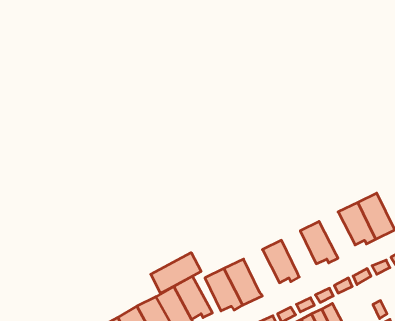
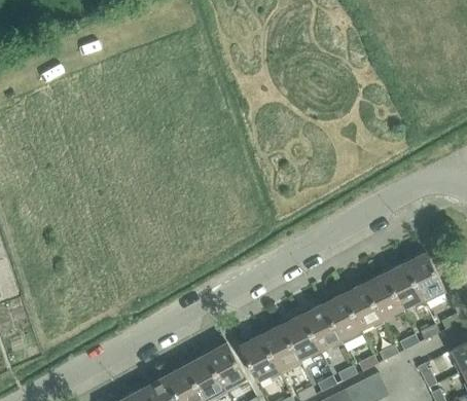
building: none -> [363,272,404,319]
building: none -> [322,293,362,343]
building: none -> [281,314,322,360]
building: [151,253,201,293] -> none

